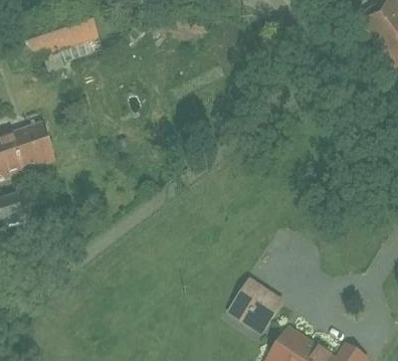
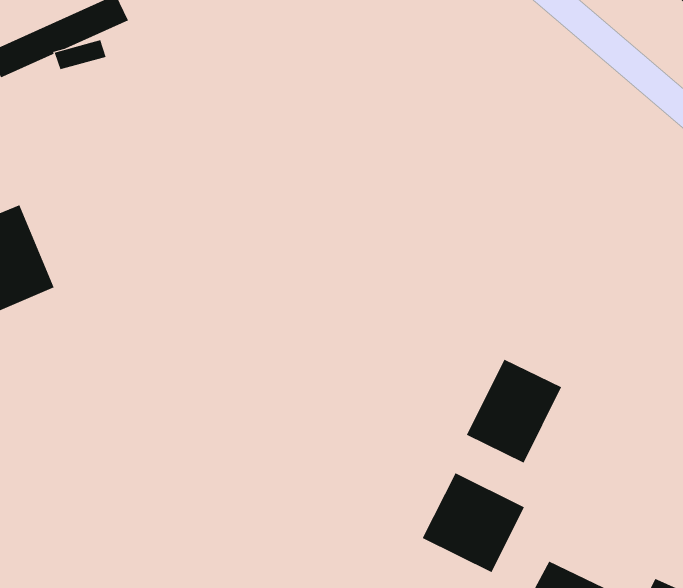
building: none -> [466,359,562,464]

